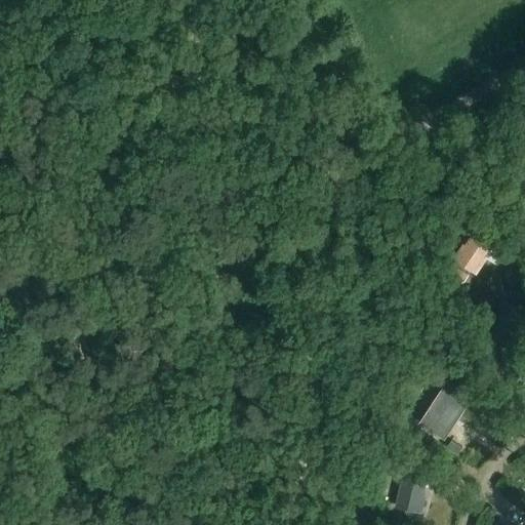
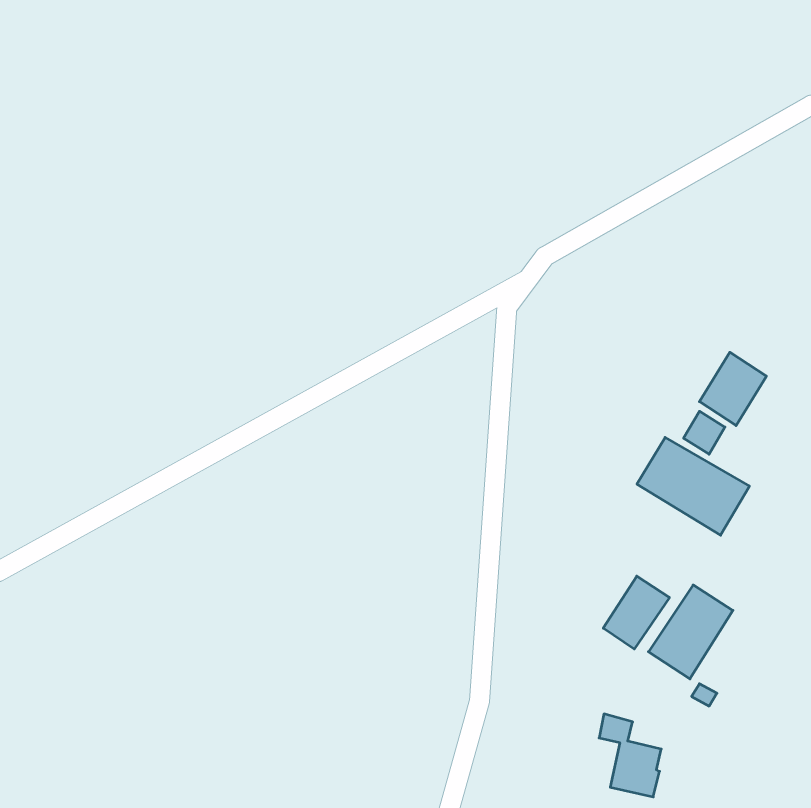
building: none -> [637,437,749,535]
building: none -> [603,576,669,649]

